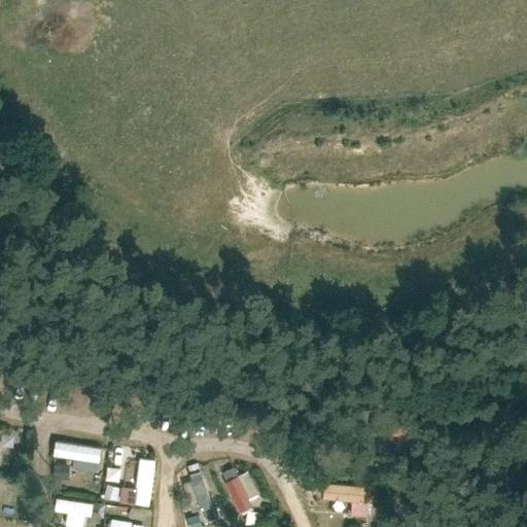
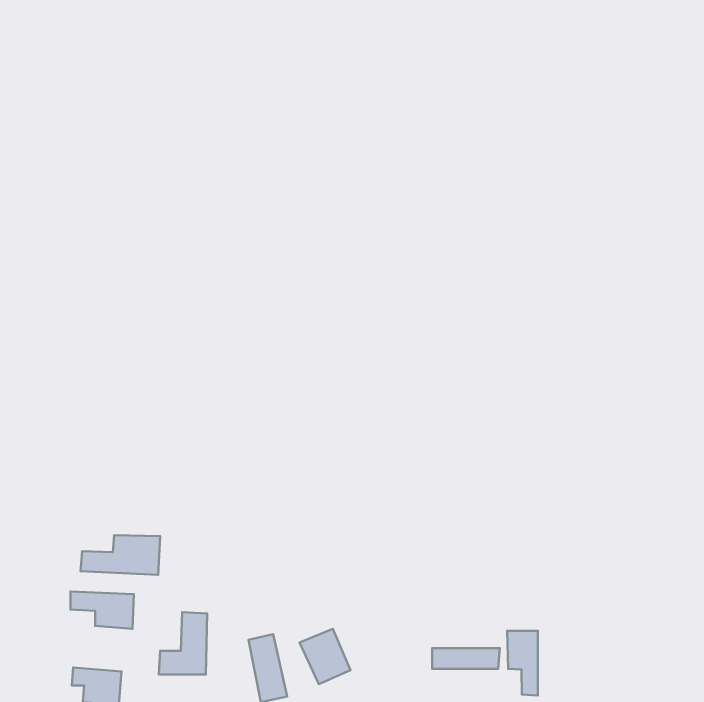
building: none -> [80,535,160,575]
building: none -> [507,631,538,695]

